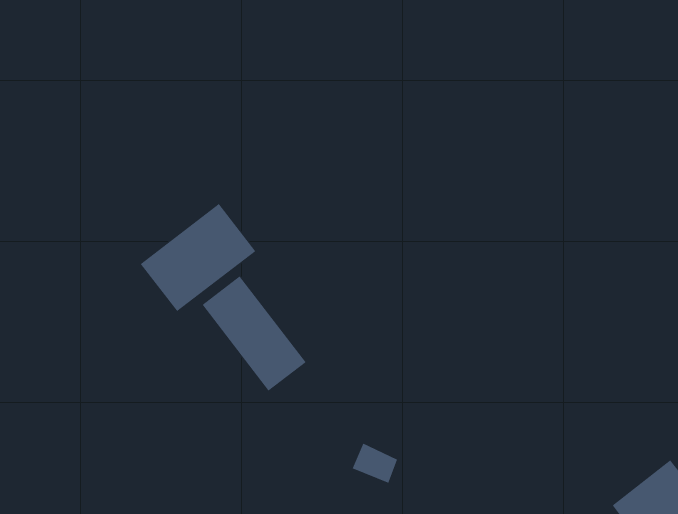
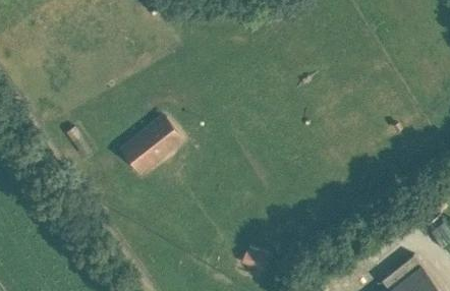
building: [202,276,306,392] -> none

